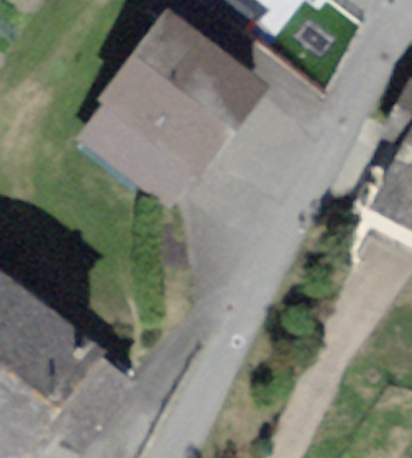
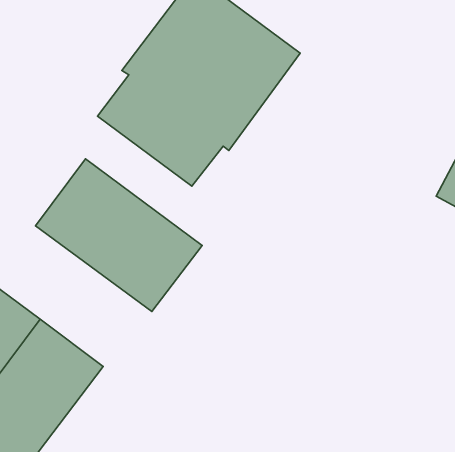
building: none -> [36,159,202,311]

